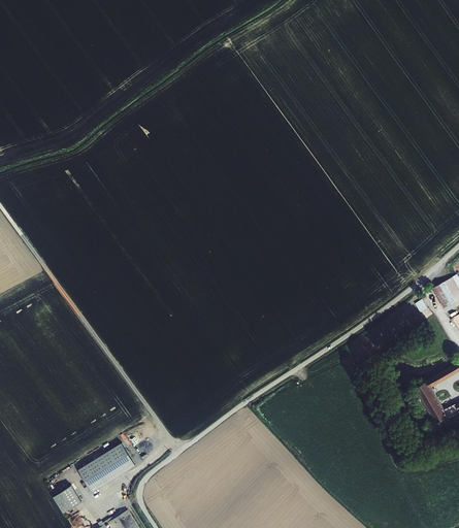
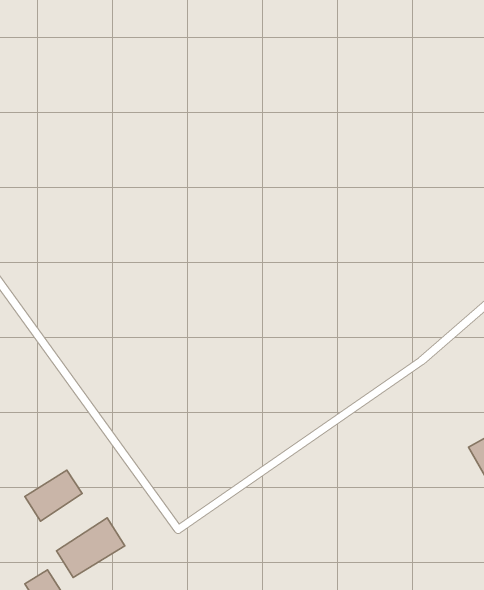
building: none -> [25,470,82,521]

